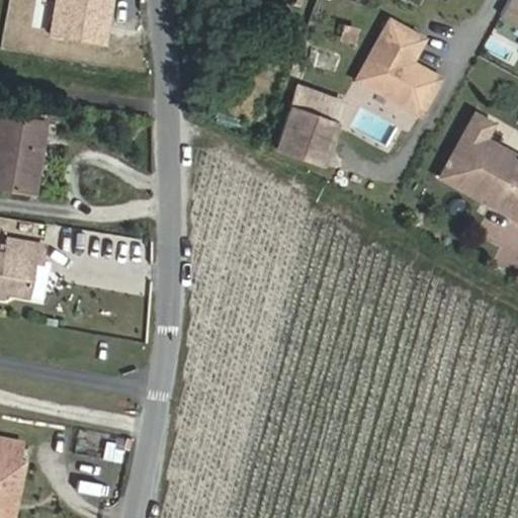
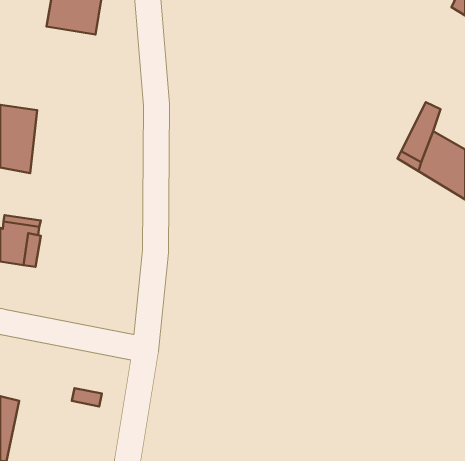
building: [355,19,441,115] -> none
building: [274,90,339,164] -> none

